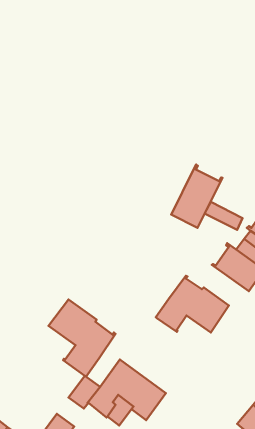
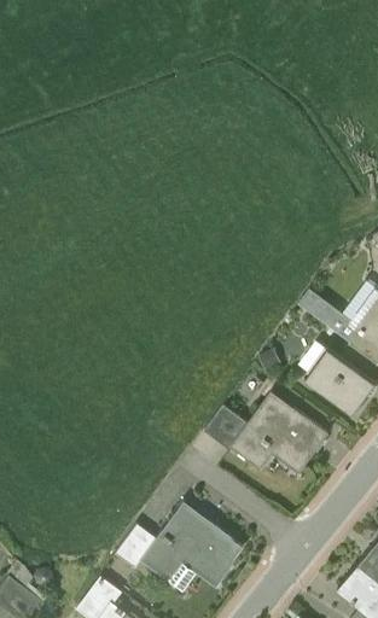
building: [171,165,222,228] -> none
building: none -> [203,408,246,451]
building: [49,300,116,377] -> none

